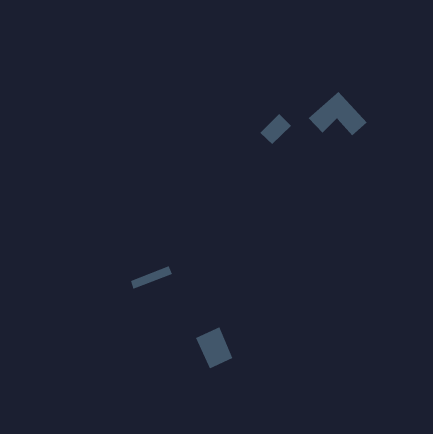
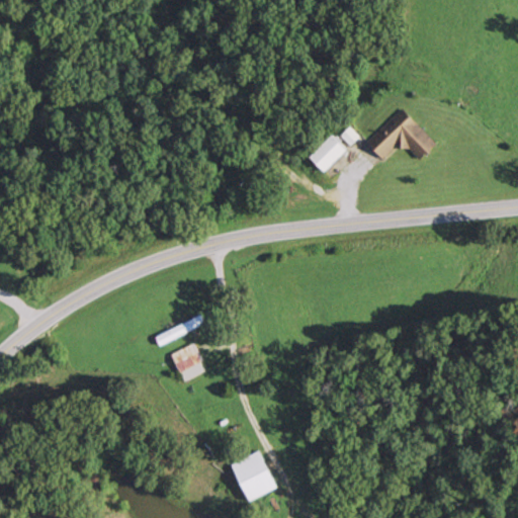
building: none -> [171,345,205,382]
building: [195,327,233,369] -> [232,451,277,502]

